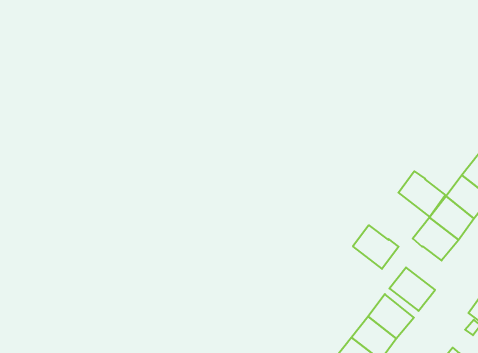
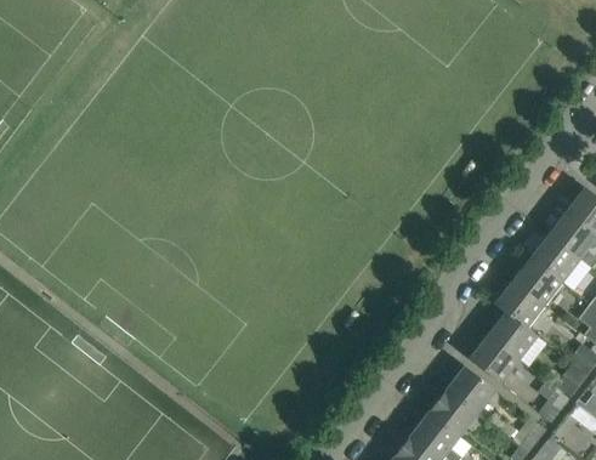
building: [398,171,446,217] -> none
building: [353,226,399,269] -> [488,313,538,360]

